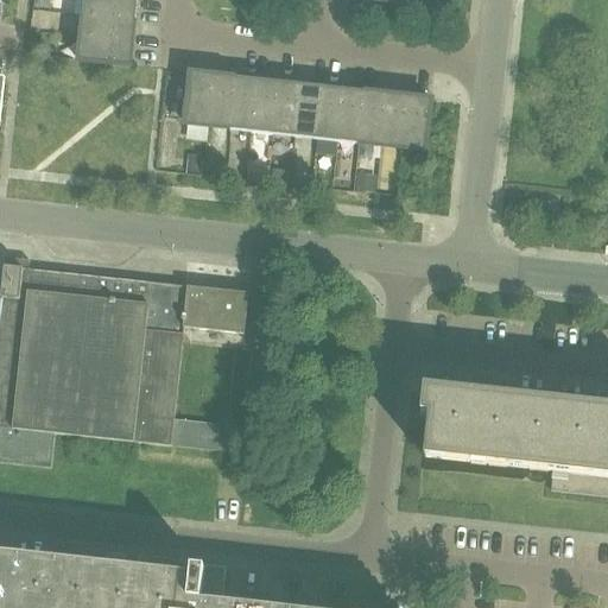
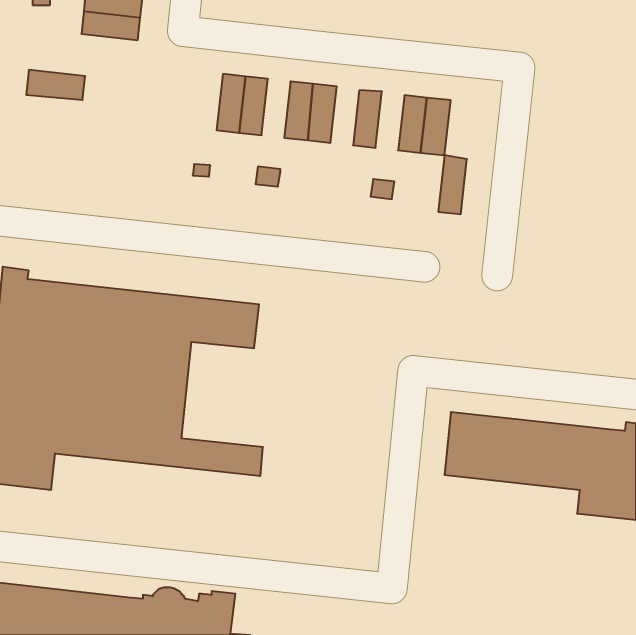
building: [75,32,131,61] -> [26,70,85,100]
building: [183,68,211,124] -> none
building: [248,75,276,131] -> none
building: [314,82,341,138] -> none
building: [356,87,384,142] -> [438,155,467,214]

